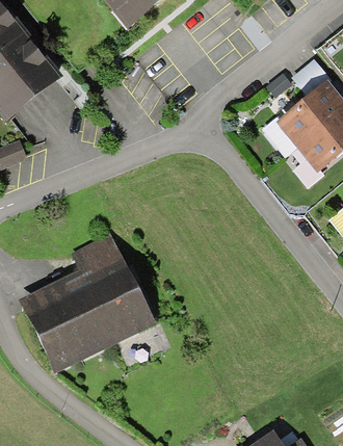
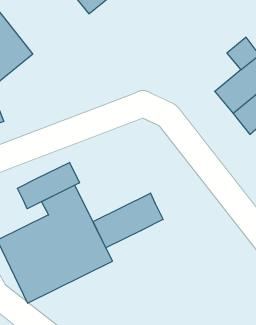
building: none -> [17,162,79,209]
building: none -> [93,193,163,248]

